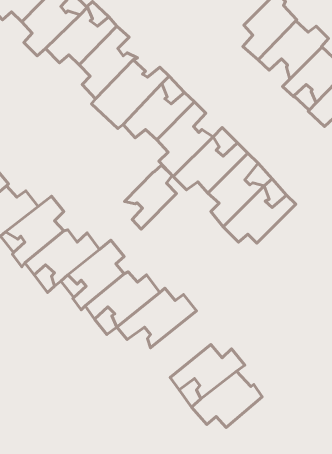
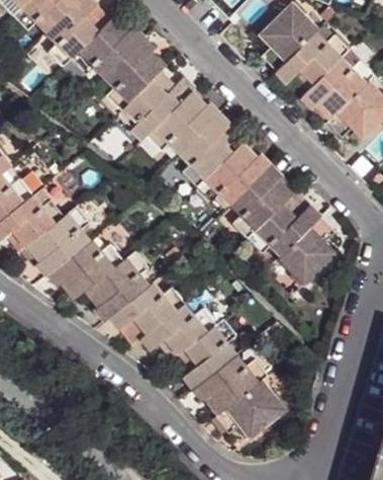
building: [124,165,176,229] -> none
building: none -> [275,214,331,284]
building: none -> [175,316,234,385]

